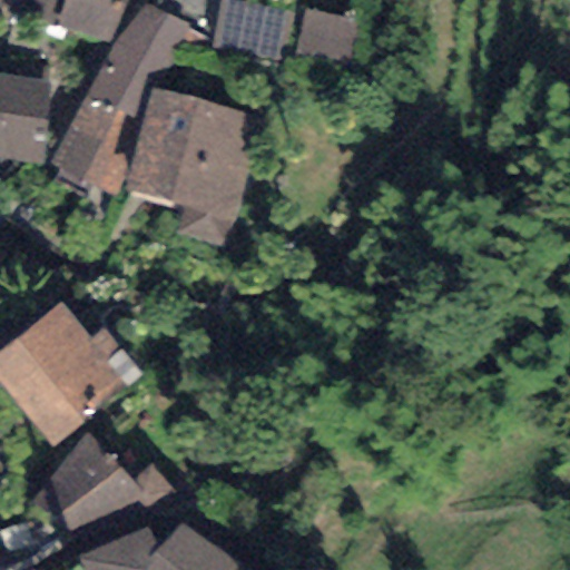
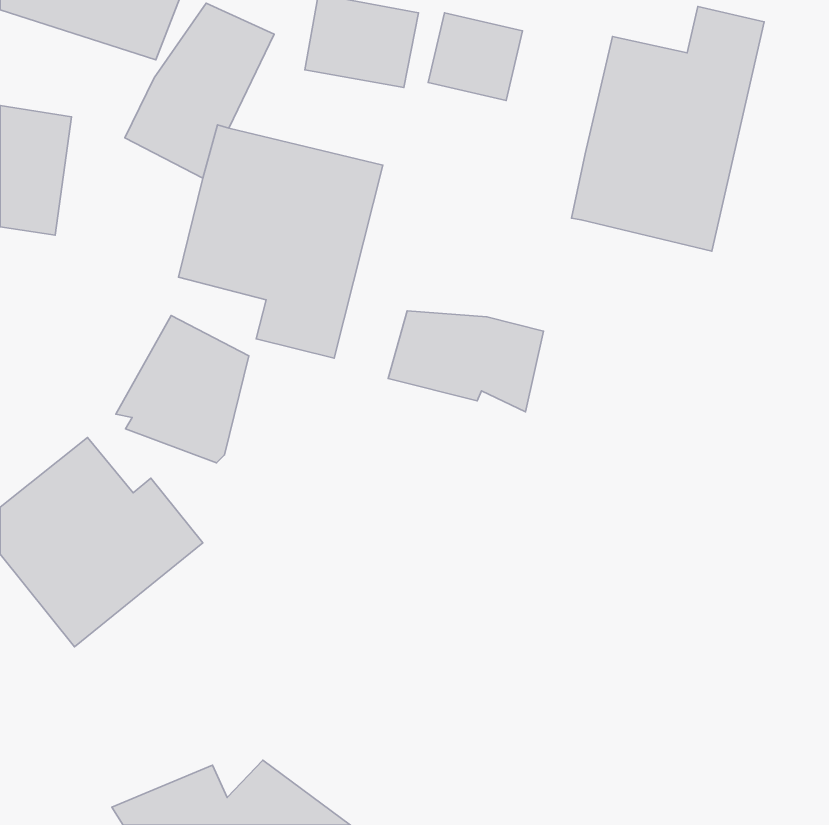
building: none -> [571,7,764,251]
building: [48,95,139,196] -> [116,315,249,463]
building: none -> [388,311,543,412]
building: [31,430,180,534] -> none

